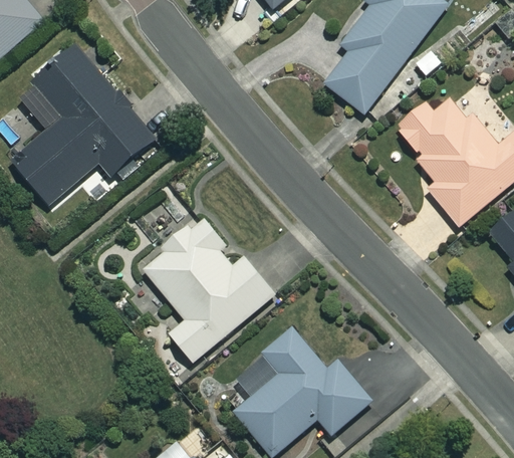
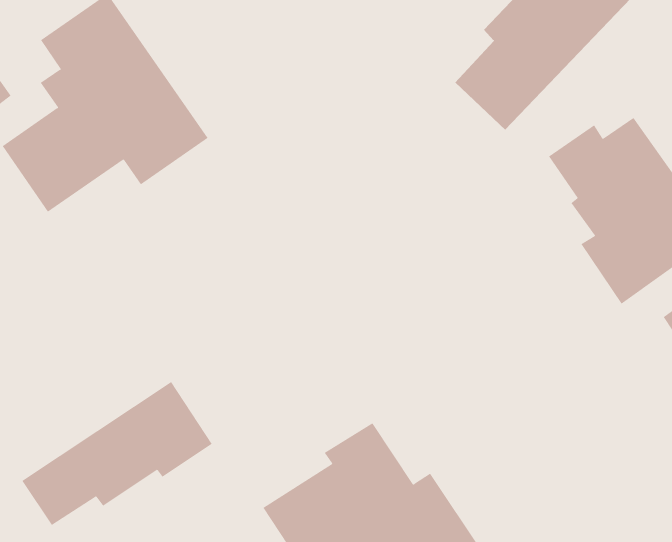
building: [141,216,275,362] -> none
building: none -> [22,381,212,526]

